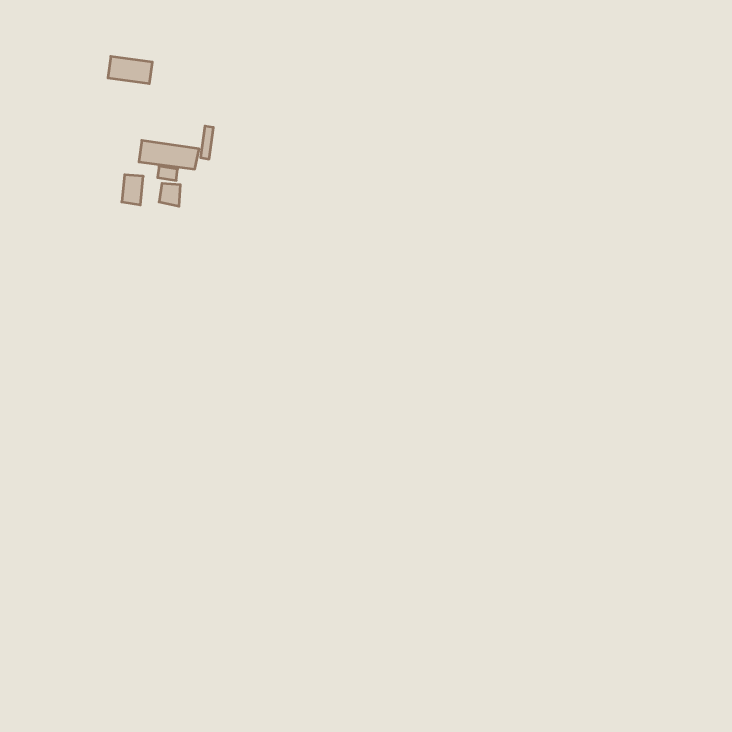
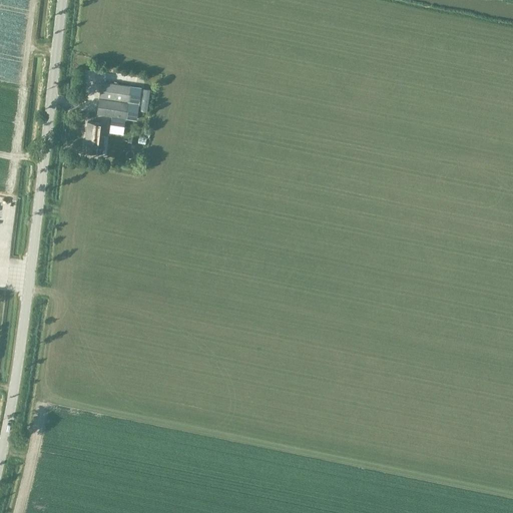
building: [108,56,152,84] -> [99,82,130,101]

